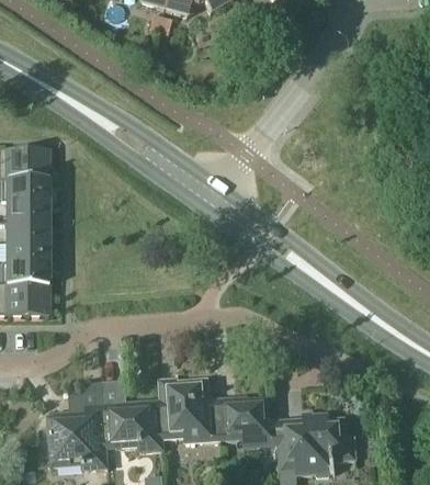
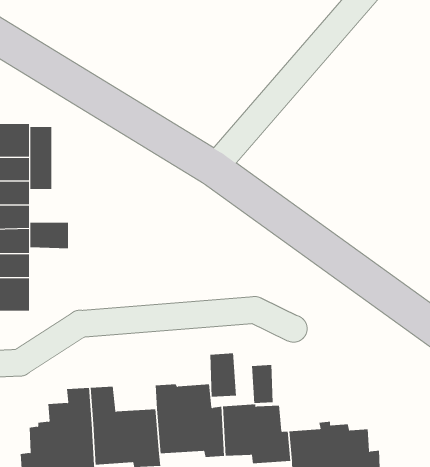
building: none -> [30,126,52,190]
building: none -> [30,222,69,249]
building: none -> [210,353,236,398]
building: none -> [251,364,273,404]

